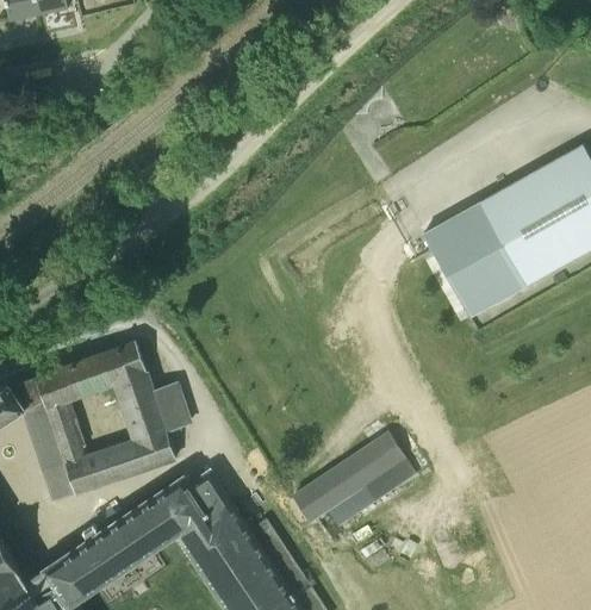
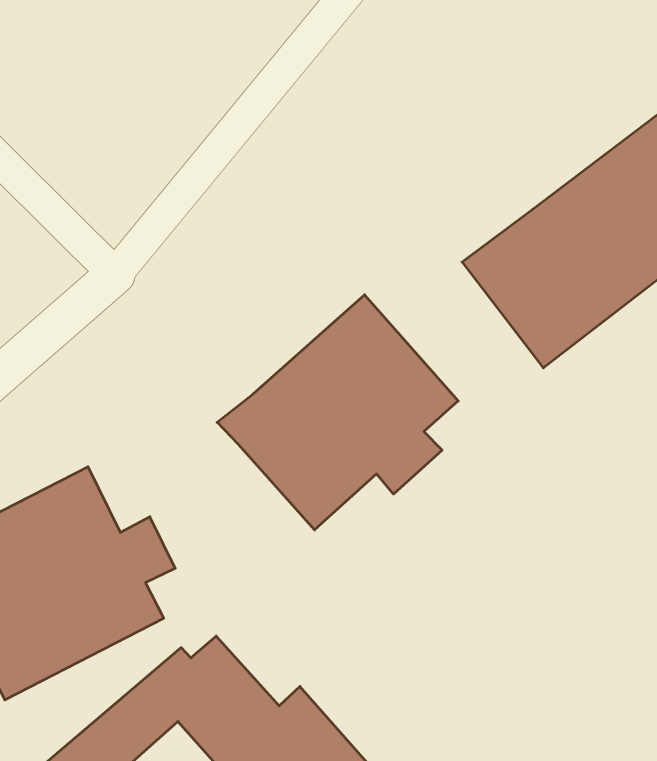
building: none -> [217,295,458,530]
building: [293,431,415,524] -> none

